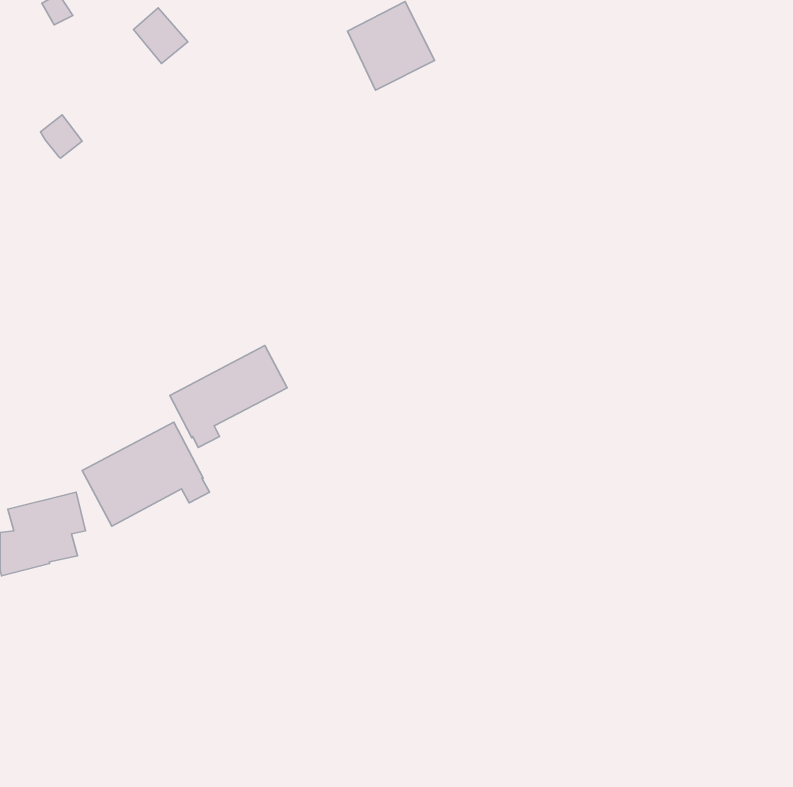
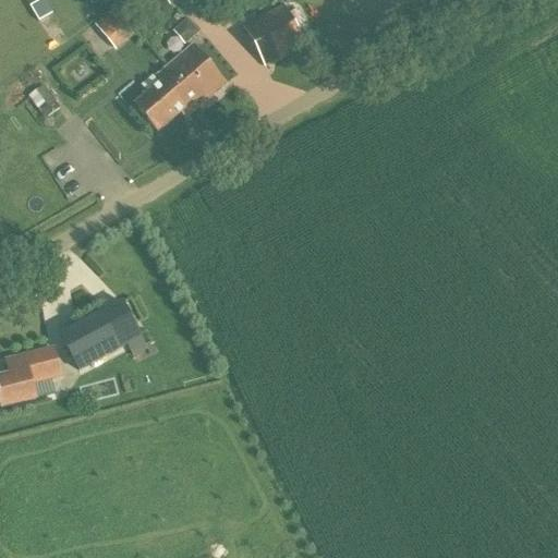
building: none -> [134,41,225,128]
building: [170,345,287,447] -> none

